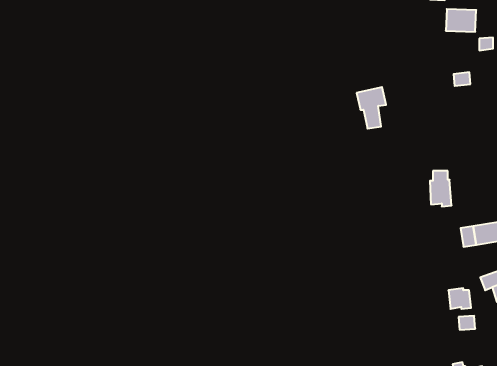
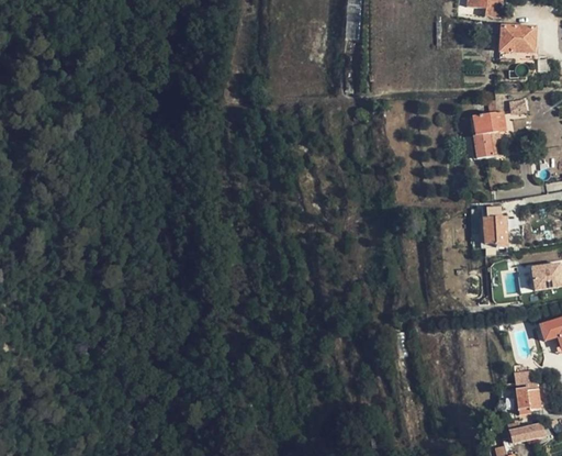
building: [357,87,386,129] -> [469,112,502,158]
building: [448,288,471,309] -> [516,387,541,410]

